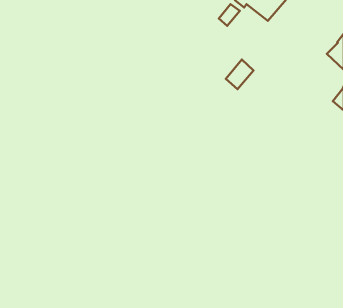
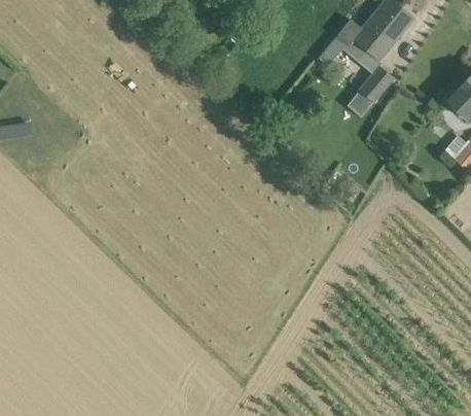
building: [226,60,254,89] -> [359,67,393,103]

